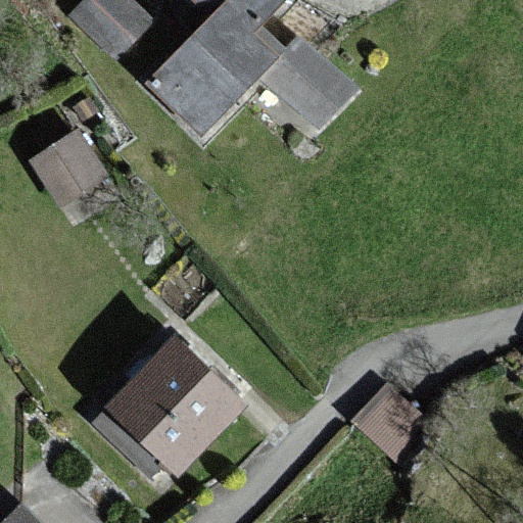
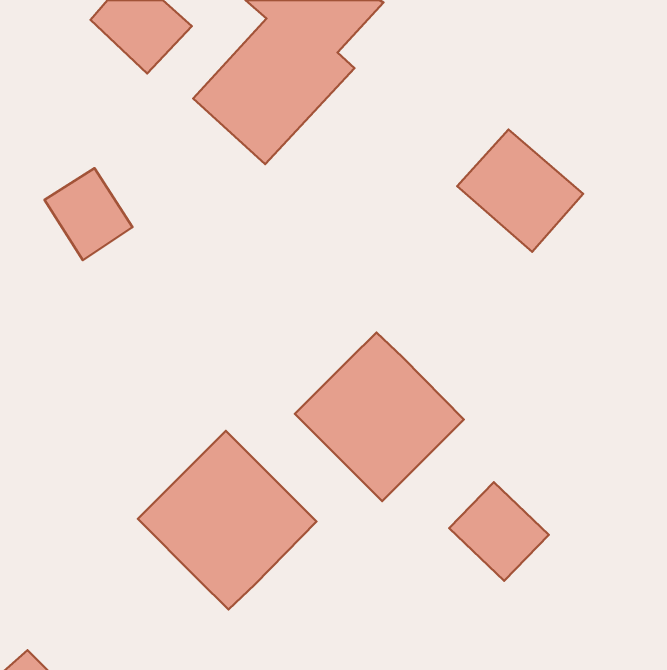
building: [258,38,356,133] -> [457,130,583,252]
building: none -> [295,332,464,501]

